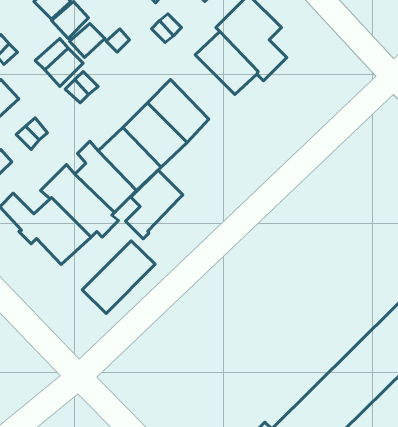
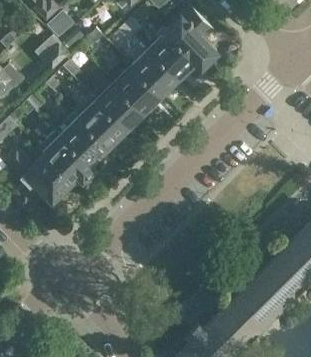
building: none -> [135,49,182,96]
building: [126,170,183,239] -> none
building: [82,241,155,313] -> none

